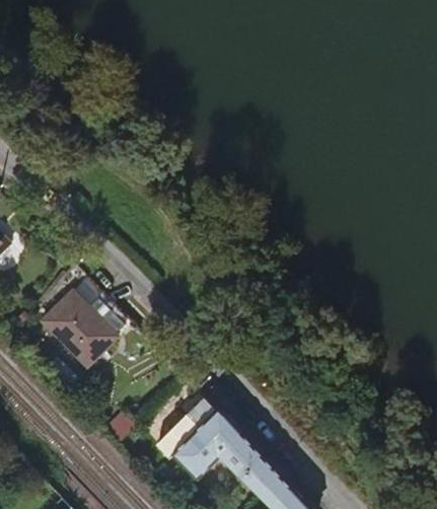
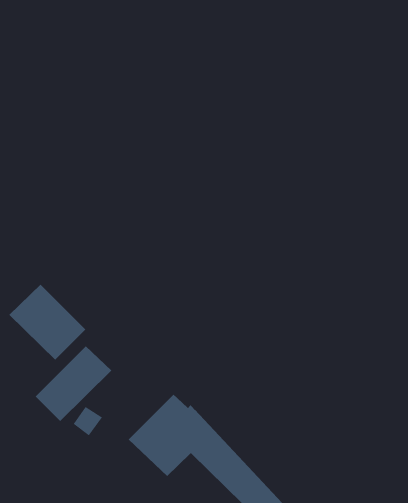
building: none -> [35,345,112,422]

